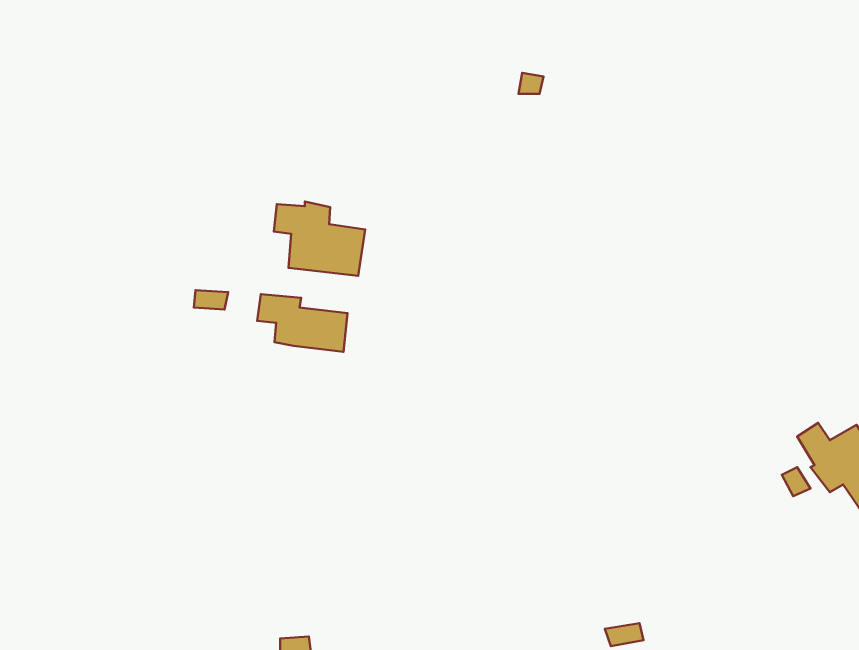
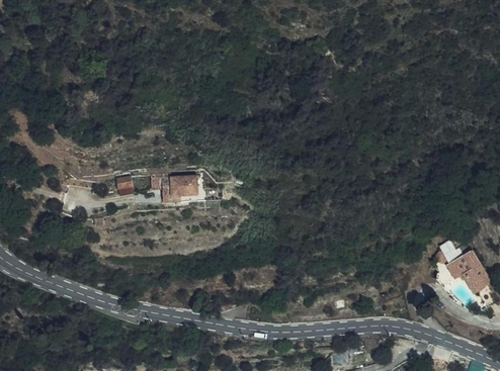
building: [274,201,365,276] -> none

